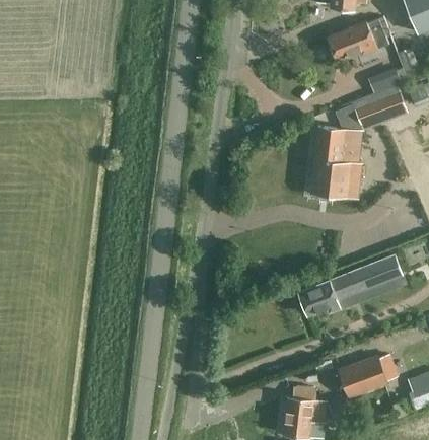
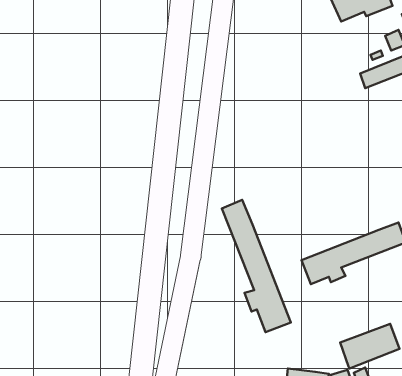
building: [309,105,361,196] -> none
building: none -> [222,200,291,332]

